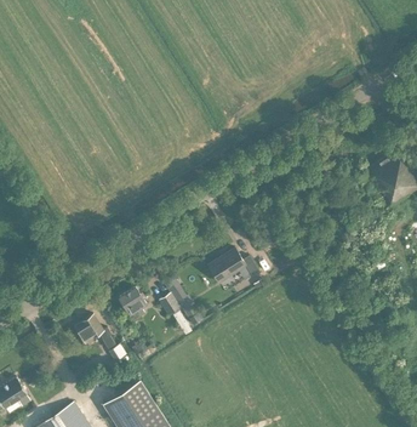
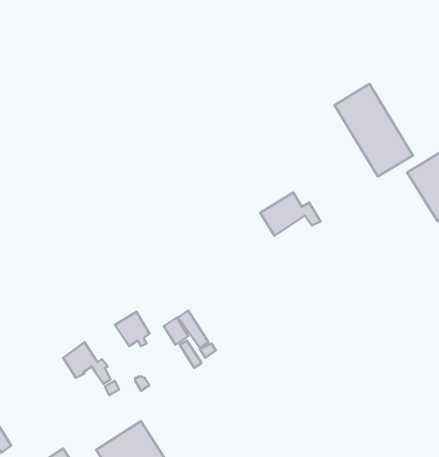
building: none -> [335,84,413,176]
building: [206,247,257,284] -> [260,193,321,236]

